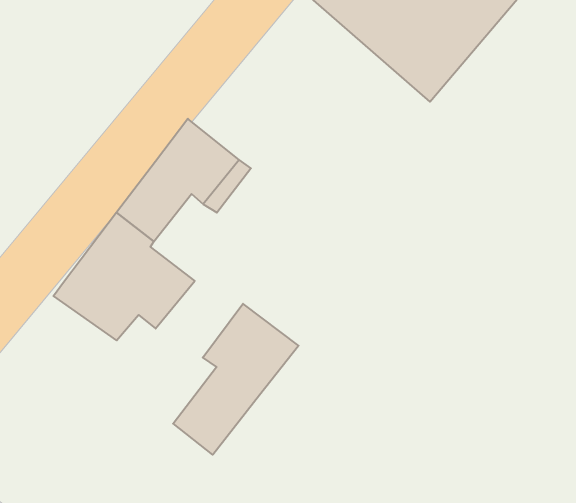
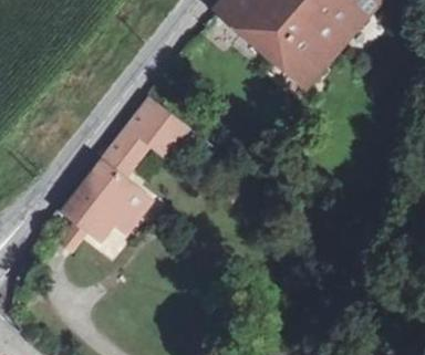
building: [173,304,299,455] -> none

